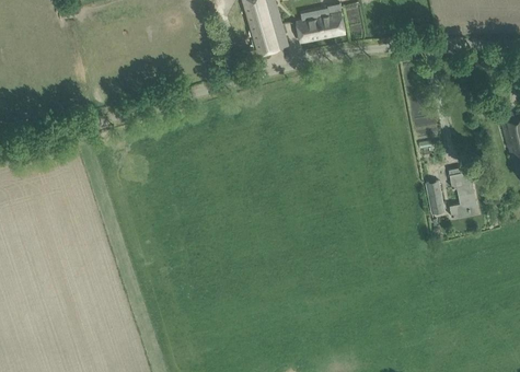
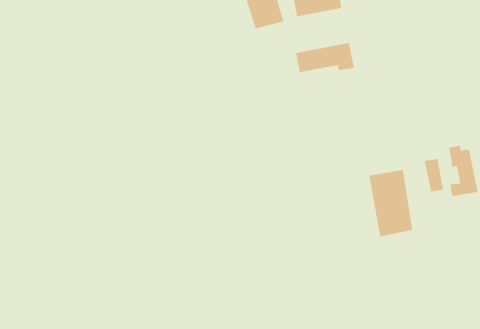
building: none -> [295,42,354,73]
building: none -> [369,169,413,237]

